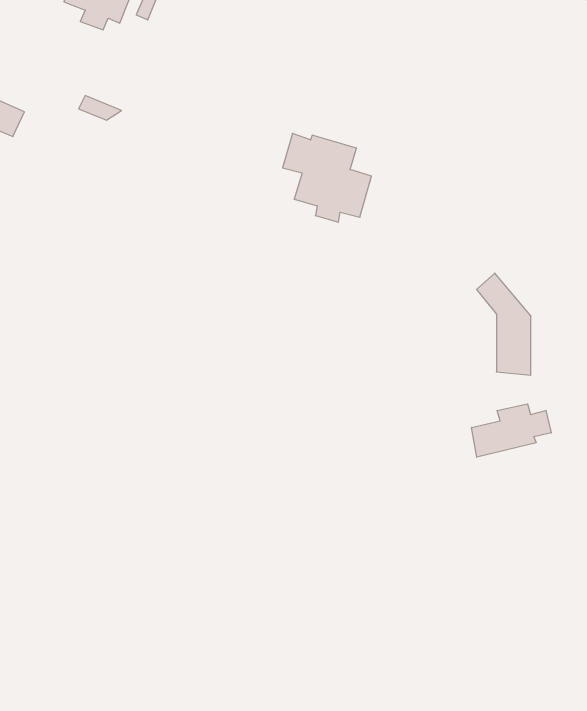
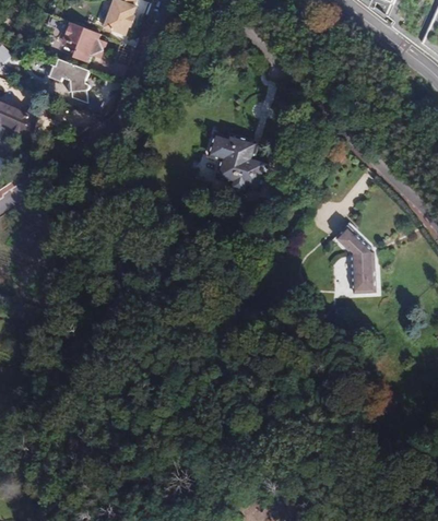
building: none -> [51,57,92,99]
building: [472,404,551,457] -> none

